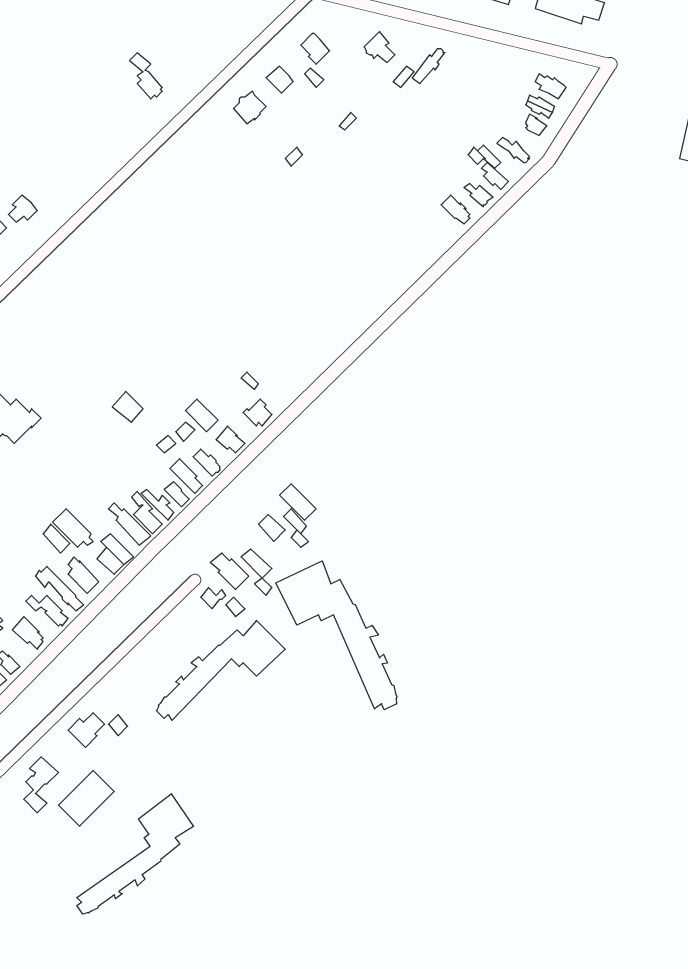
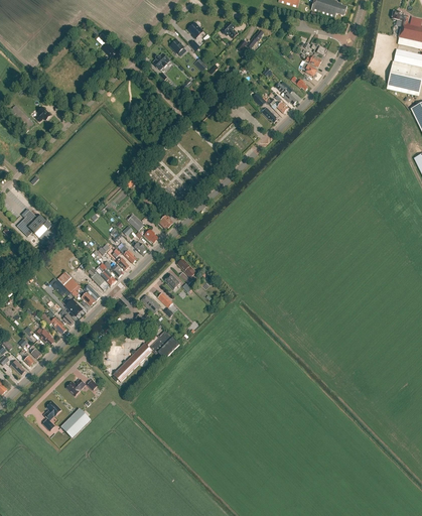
building: [276,561,397,710] -> none
building: [77,794,193,914] -> none

